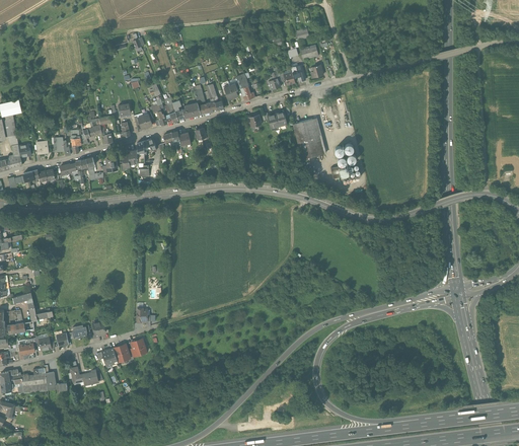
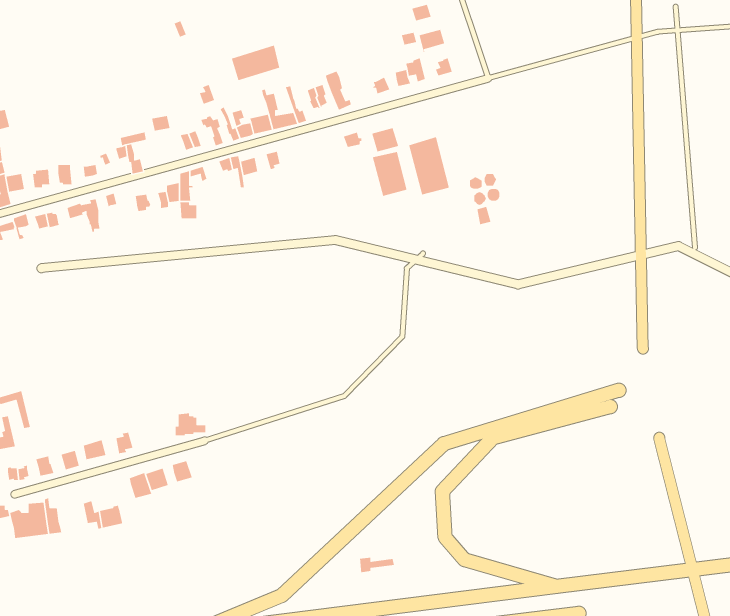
building: none -> [231,45,280,81]
building: none -> [372,151,408,197]

